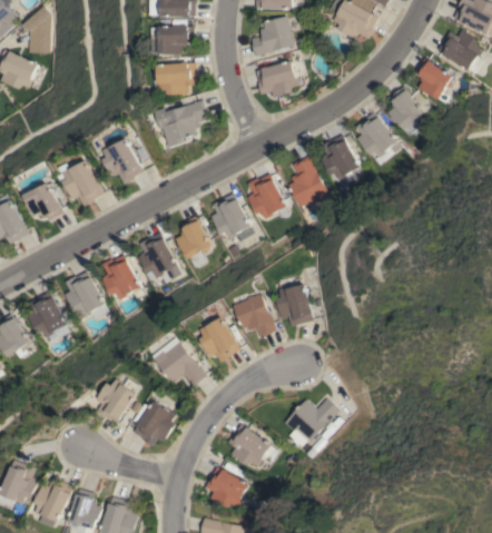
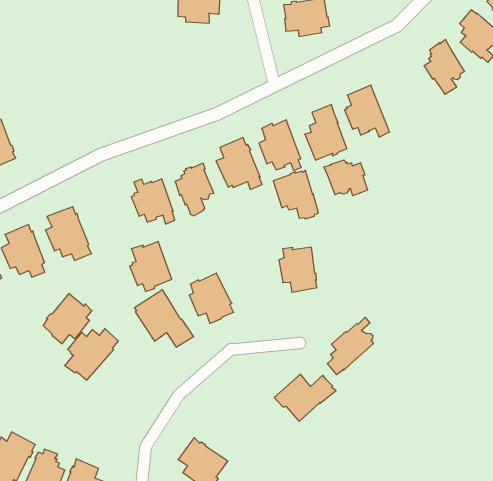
building: [156,99,209,147] -> none
building: [354,111,398,164] -> none
building: [102,138,144,184] -> none
building: [63,160,104,206] -> none
building: [24,181,65,220] -> none
building: none -> [324,160,368,196]
building: [100,254,139,299] -> [130,242,172,291]
building: [232,293,275,336] -> [273,170,318,219]
building: none -> [327,317,373,375]
building: [132,401,175,446] -> [43,293,92,344]
building: [227,423,277,466] -> none

